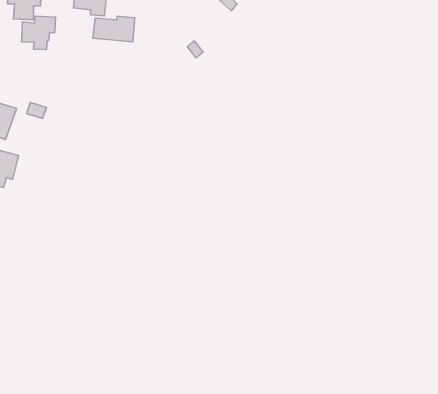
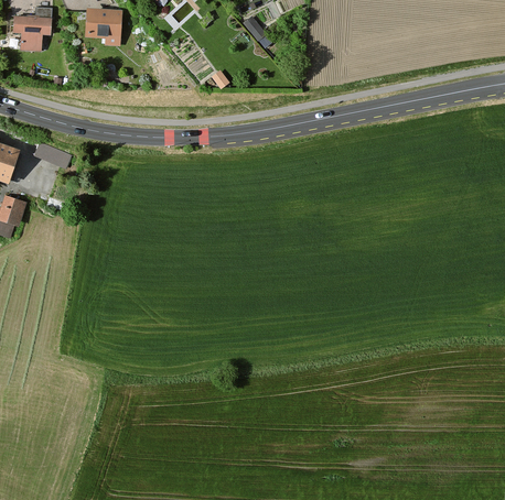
building: [93,16,135,42] -> none
building: [22,16,55,50] -> none

